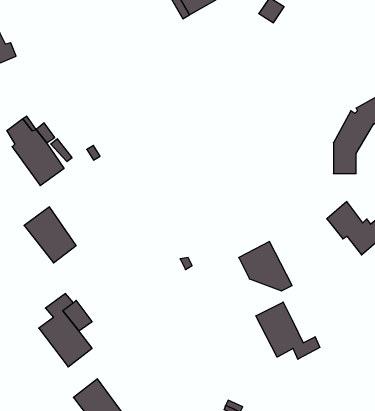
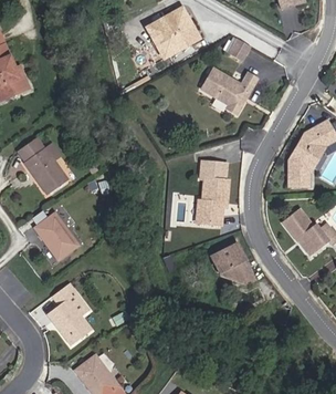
building: none -> [202,66,258,112]
building: none -> [197,163,229,224]
building: [256,302,320,359] -> none

